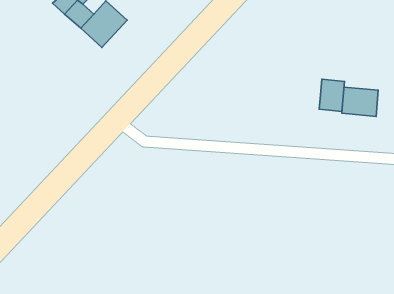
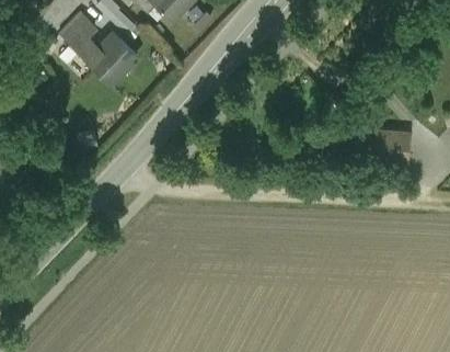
building: [319,79,344,112] -> none

